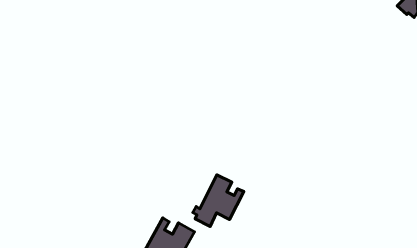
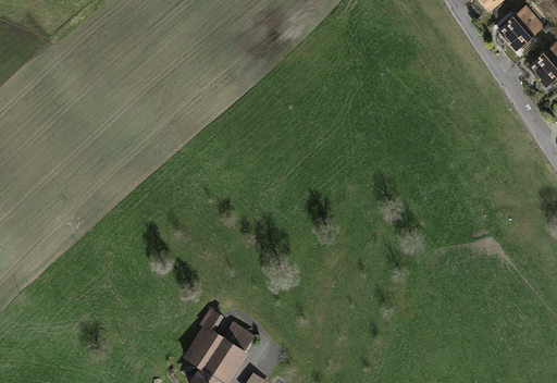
building: [193,175,244,226] -> none

